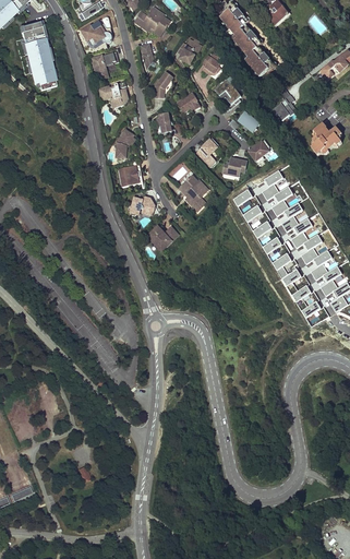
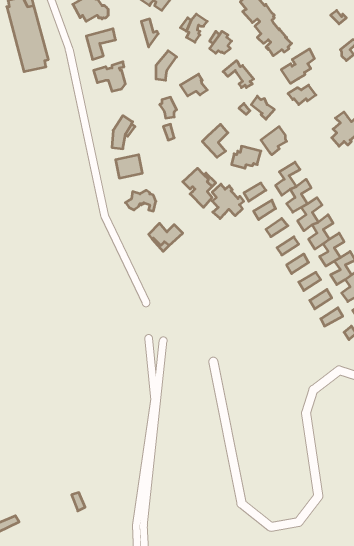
building: none -> [281,49,314,83]
building: none -> [212,184,244,219]

